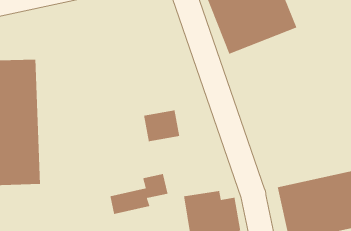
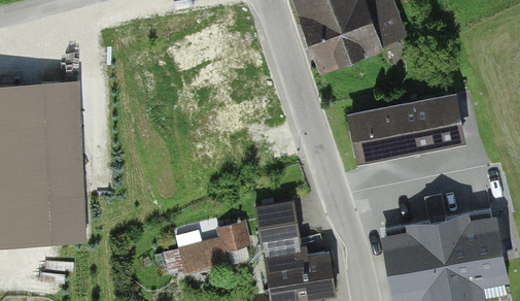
building: none -> [349,91,464,162]
building: [143,110,180,142] -> [253,197,300,238]

